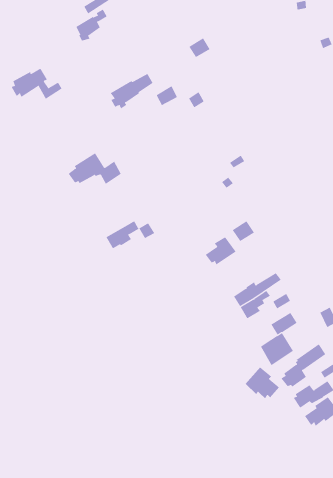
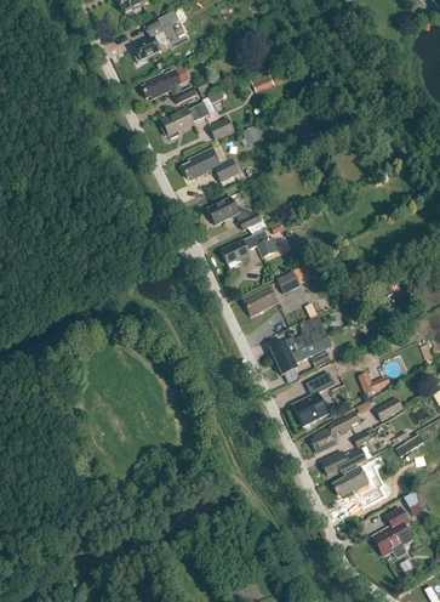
building: [11,68,62,99] -> [143,68,198,102]
building: [68,152,122,185] -> [183,146,240,181]
building: none -> [208,195,262,228]
building: [105,221,155,249] -> [223,234,276,262]
building: [245,367,280,399] -> none

